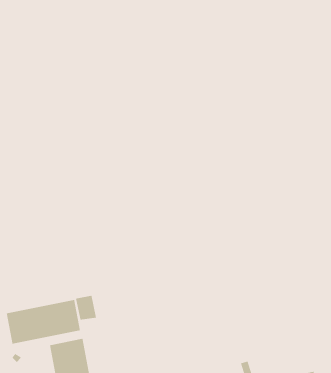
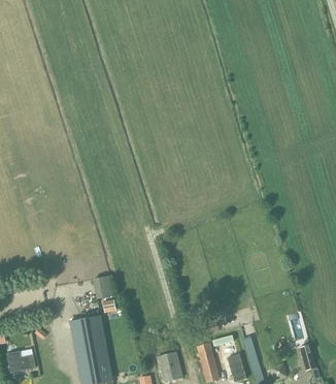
building: [6,299,81,345] -> none

